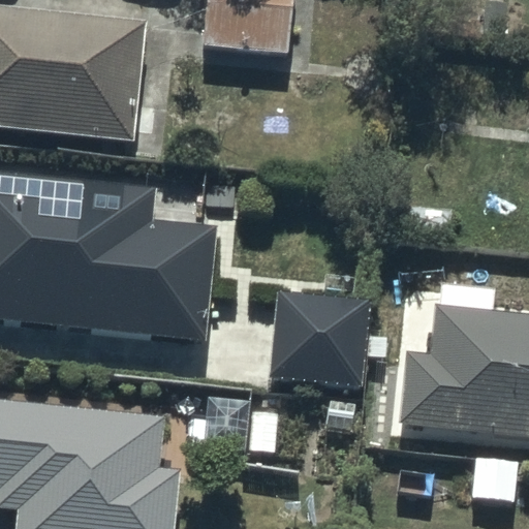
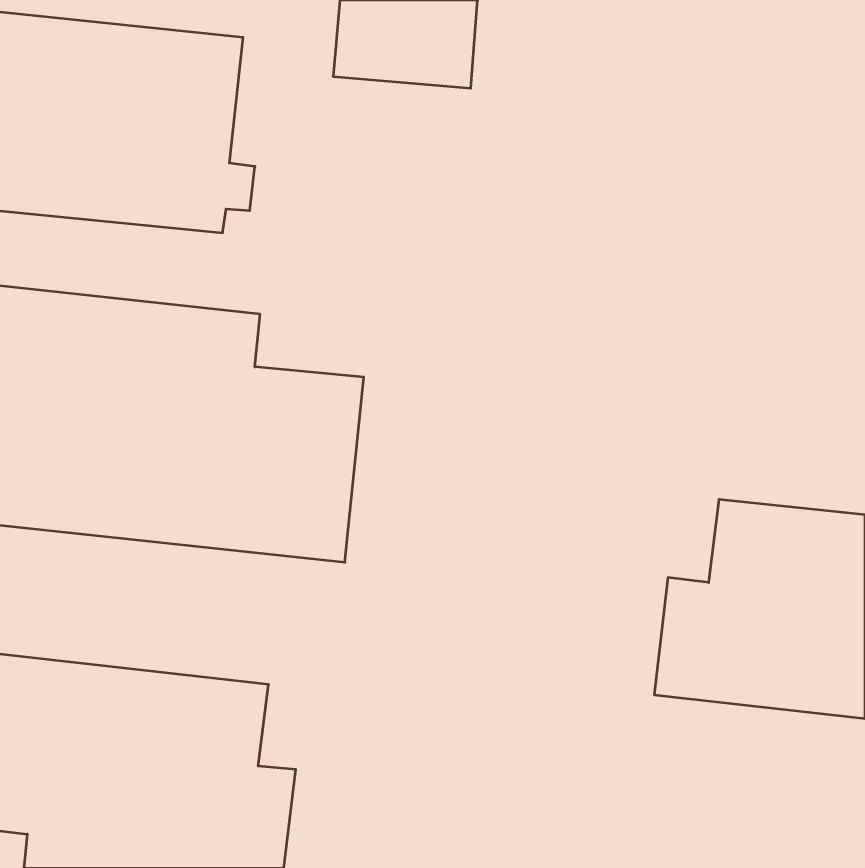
building: [269,292,372,388] -> none

